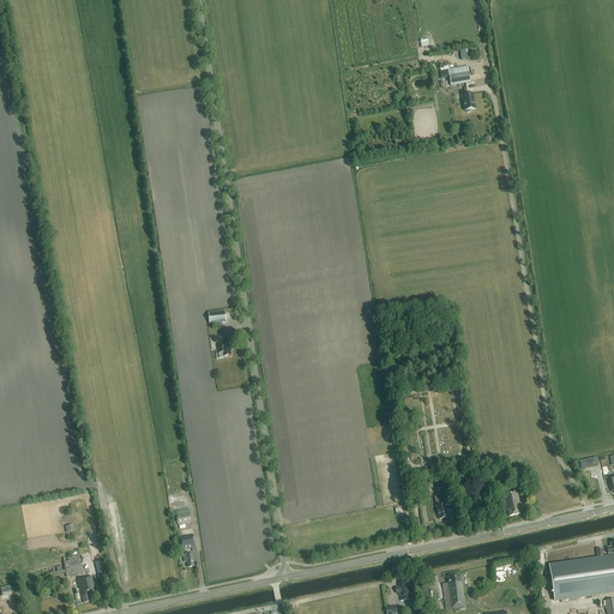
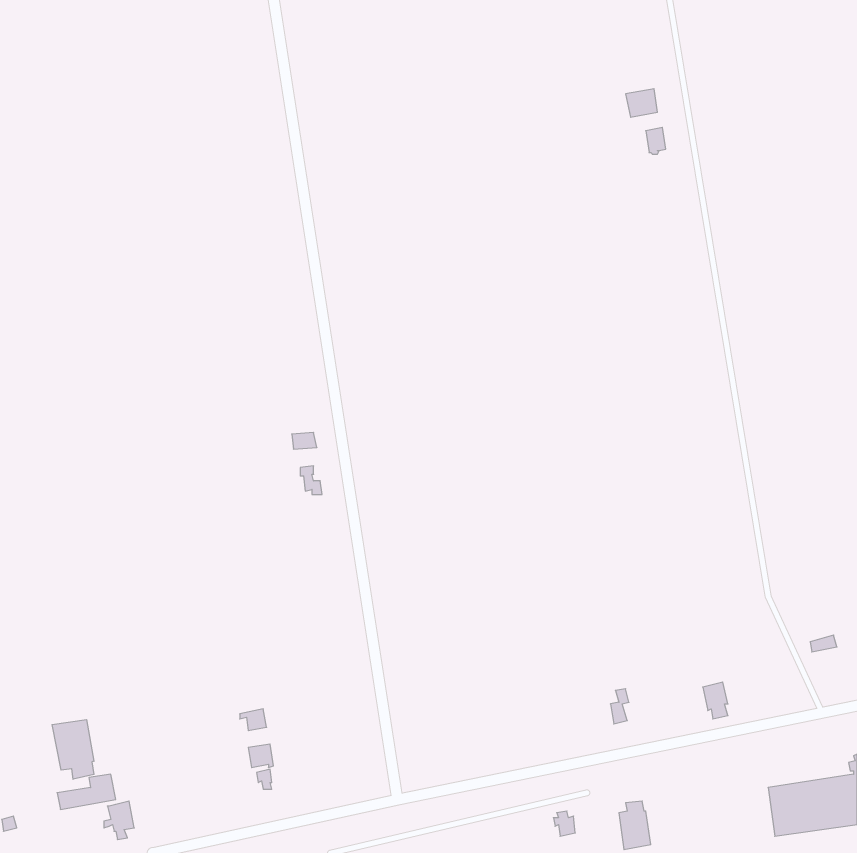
building: none -> [52,720,94,779]

